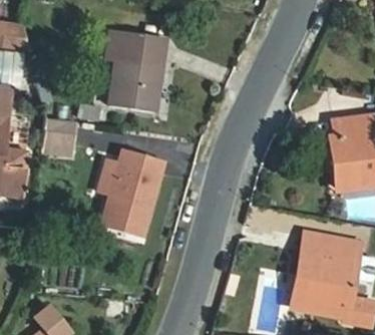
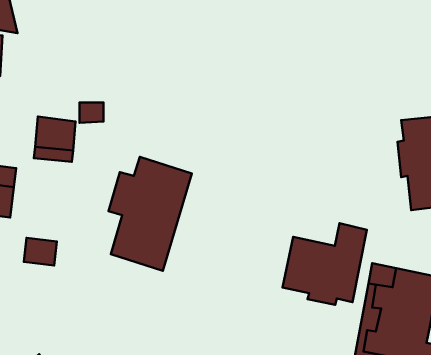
building: [111,35,166,113] -> none
building: none -> [282,223,367,305]

